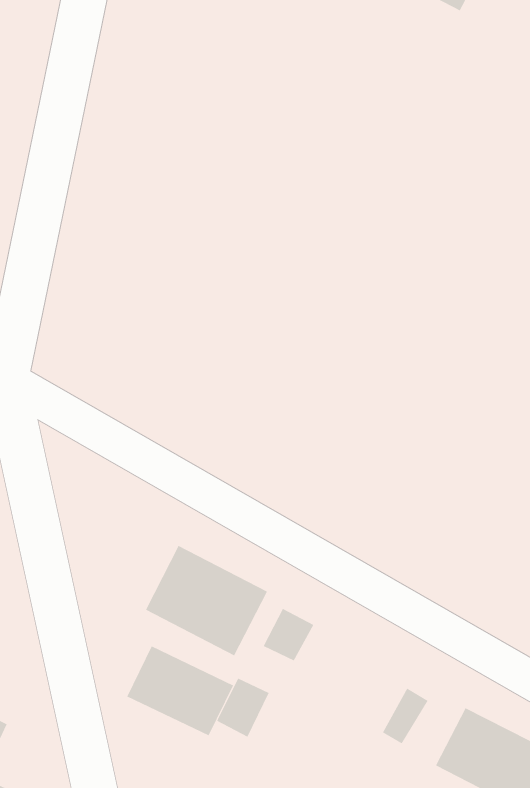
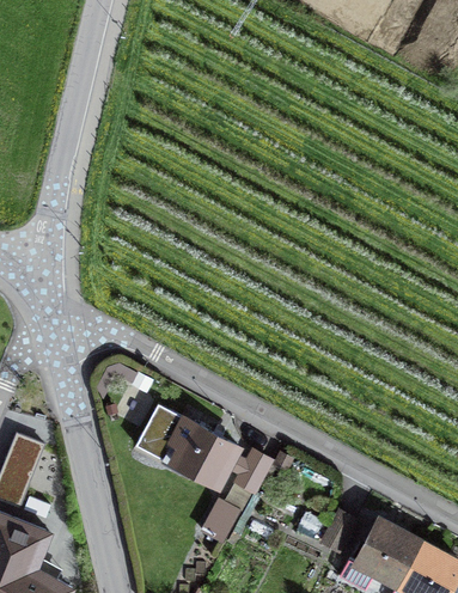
building: [126,645,234,736] -> none

